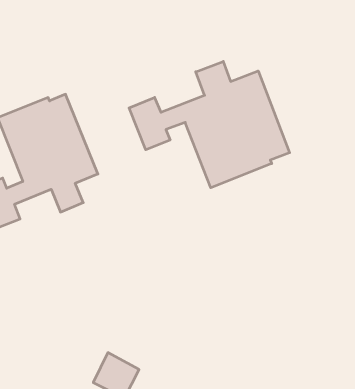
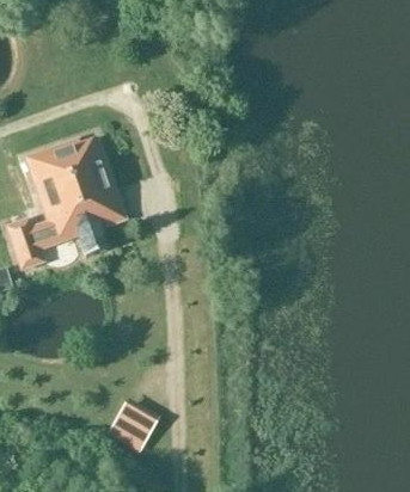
building: [129,61,290,188] -> none

